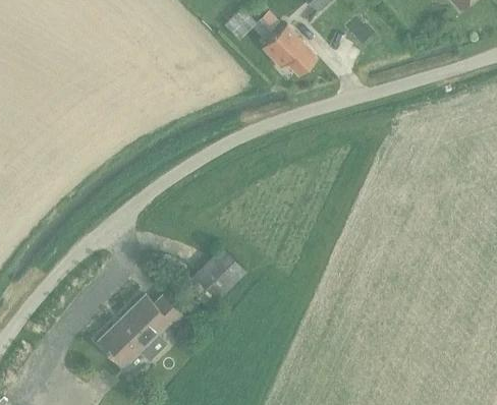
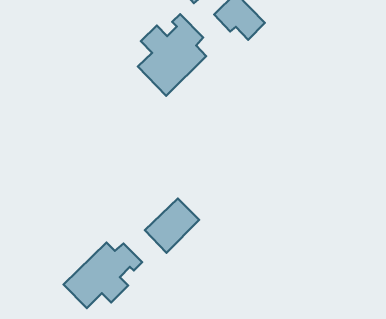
building: none -> [138,14,206,96]

